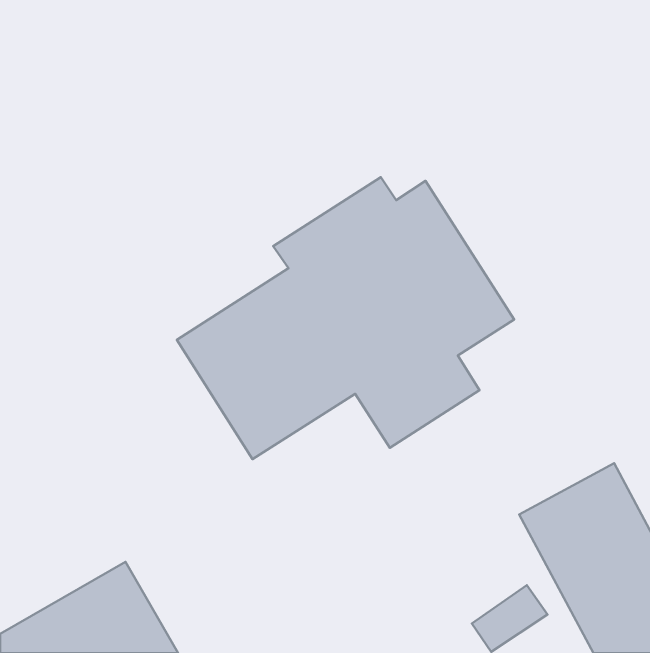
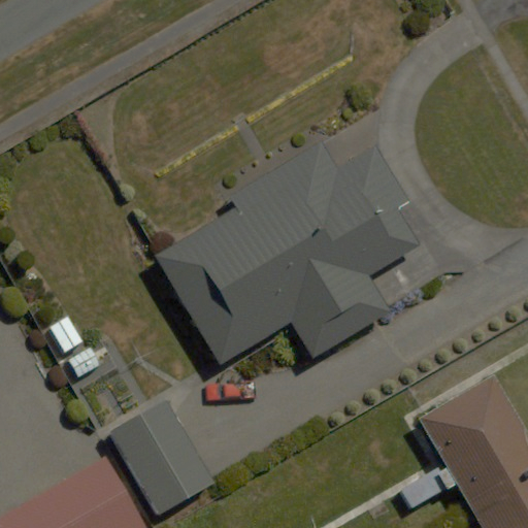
building: none -> [114,409,216,518]

